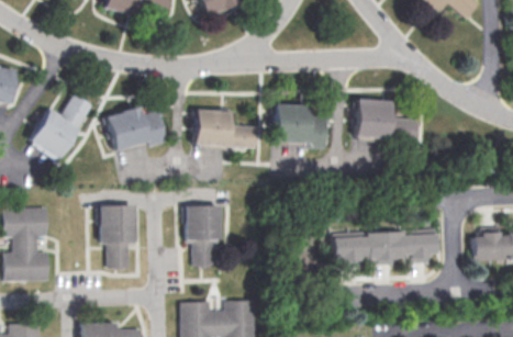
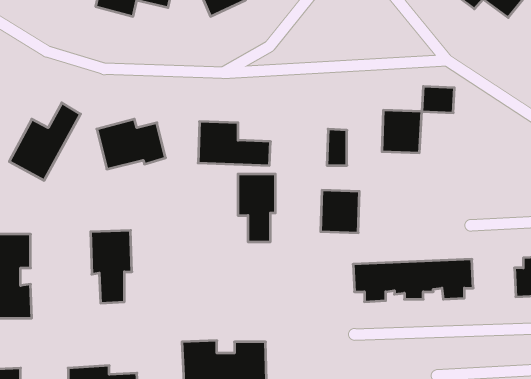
building: [276,104,310,142] -> [321,190,359,233]
building: [391,117,420,141] -> [422,86,454,113]
building: [187,205,220,265] -> [238,174,275,242]

